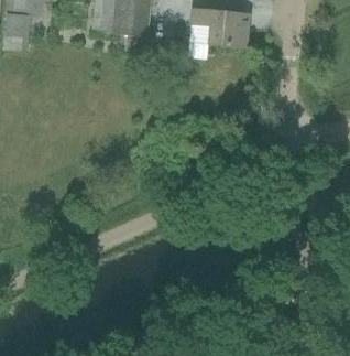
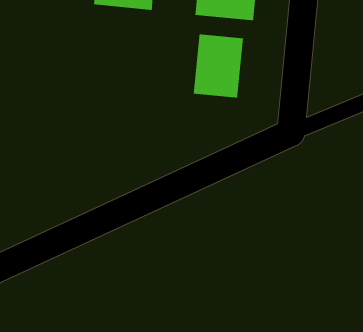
building: none -> [193,33,244,99]

